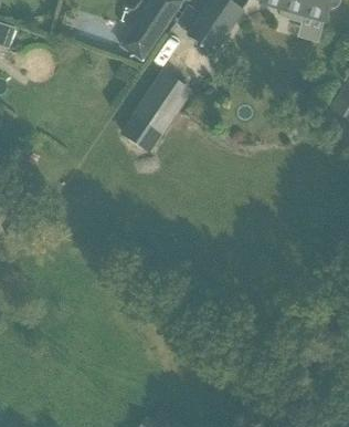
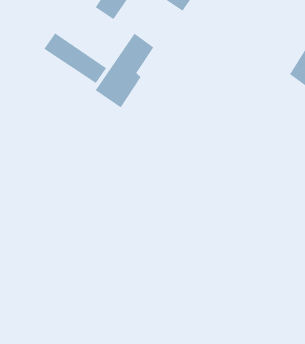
building: none -> [43,33,107,84]

